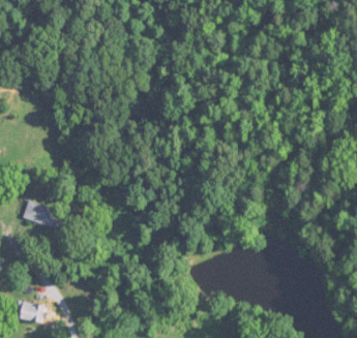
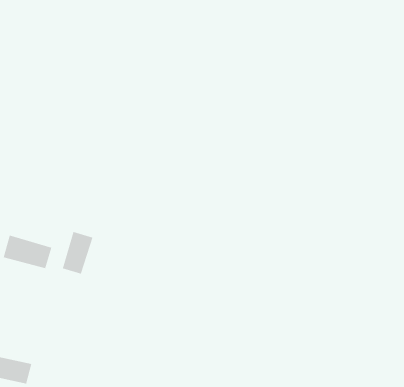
building: none -> [62,231,93,274]

